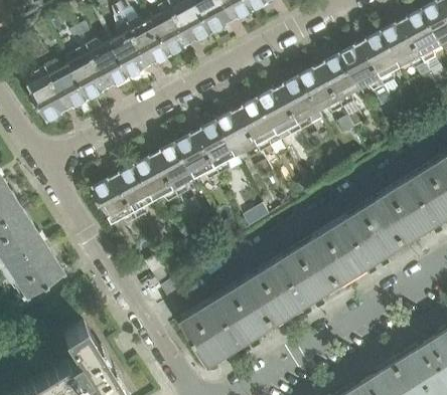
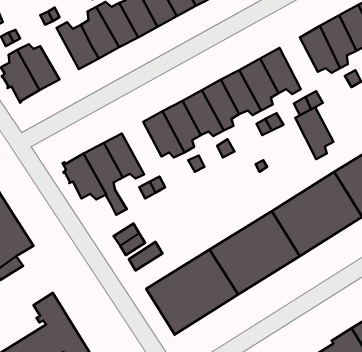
building: [70,44,111,98] -> none
building: [321,54,361,109] -> [295,107,334,159]
building: [156,143,197,198] -> none

